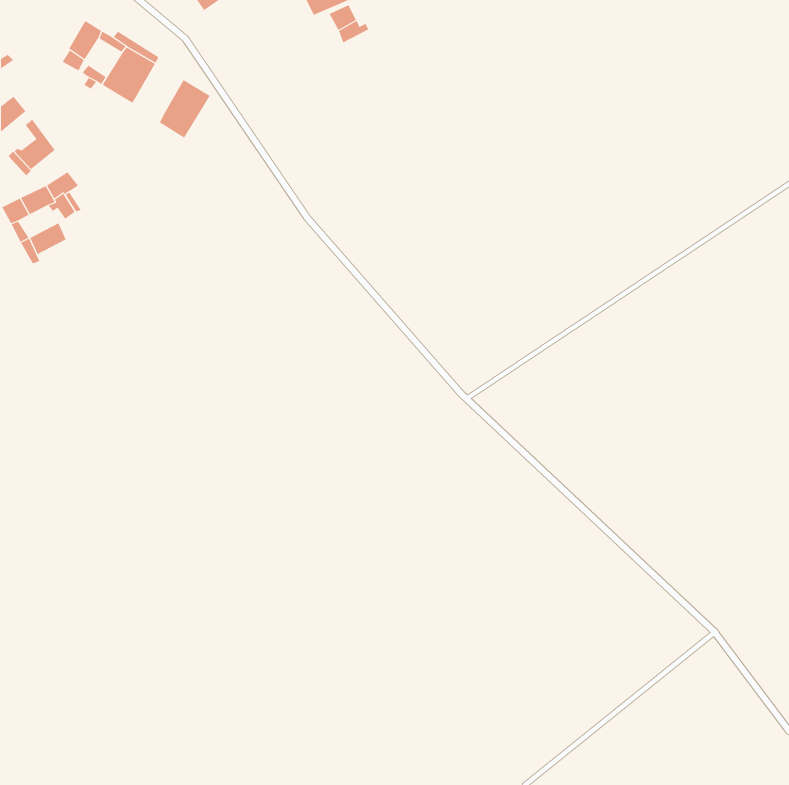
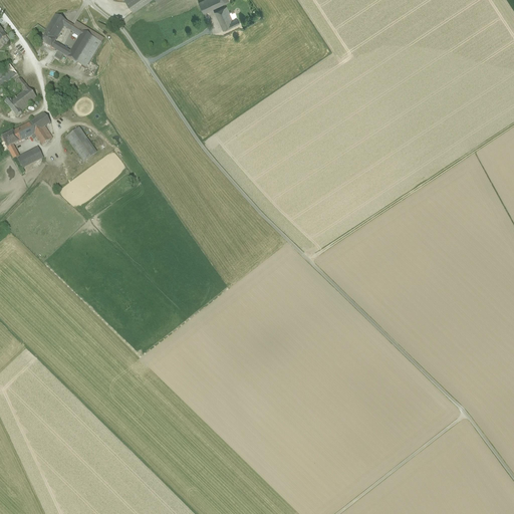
building: [159,79,211,138] -> none
building: none -> [66,125,96,160]

